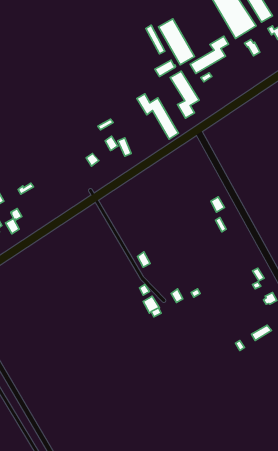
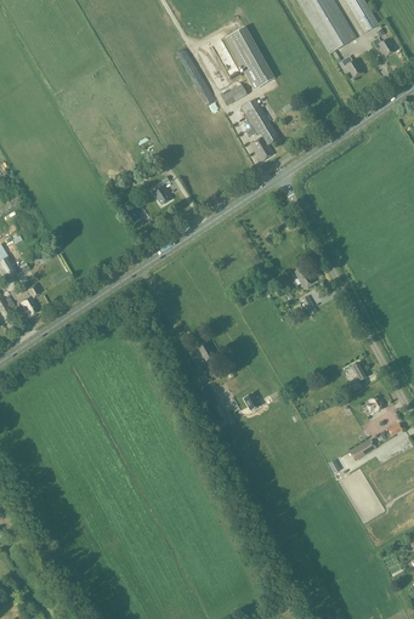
building: [190,36,228,74] -> none
building: [137,94,179,139] -> none

